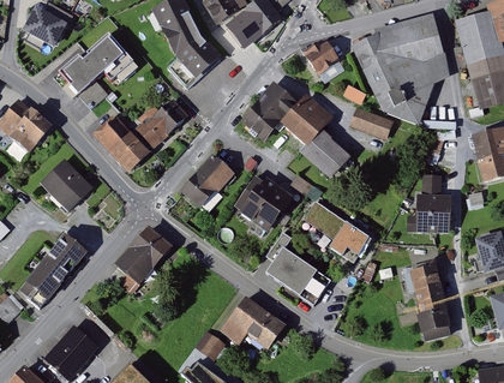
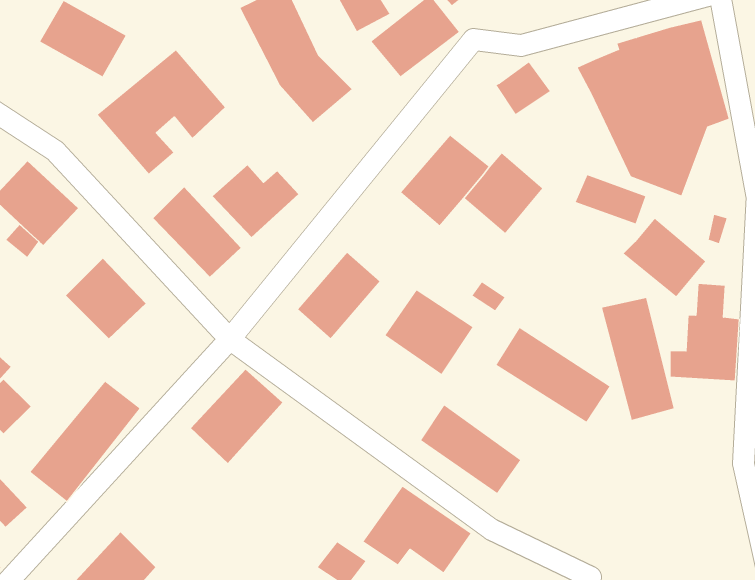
building: [301,130,352,178] -> [623,218,706,297]
building: [409,263,454,337] -> [601,298,675,420]

